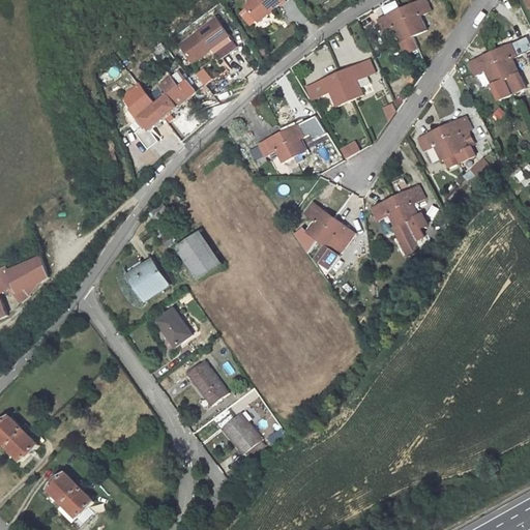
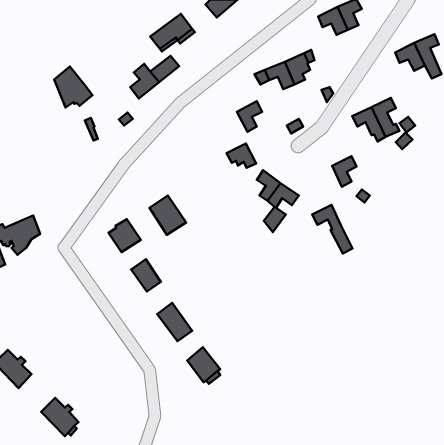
building: [119,83,165,131] -> [54,66,93,107]
building: [258,132,293,161] -> [226,144,256,168]
building: [371,197,418,255] -> [312,205,352,254]

